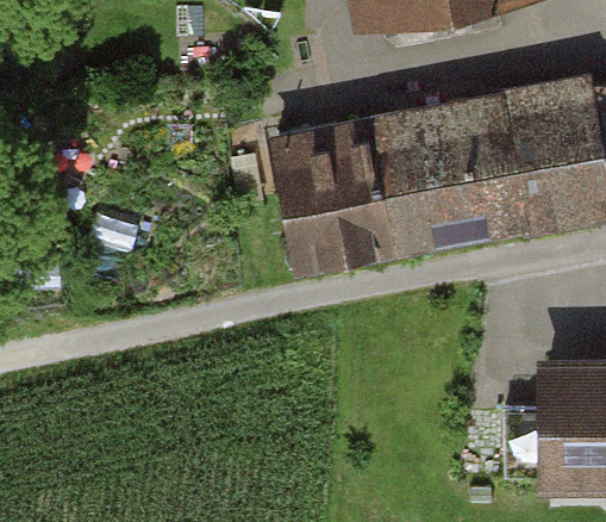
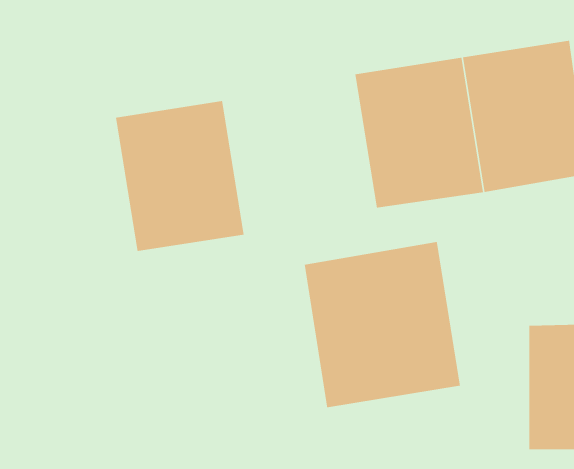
building: [276,118,404,267] -> [115,101,245,252]
building: none -> [304,241,460,408]

